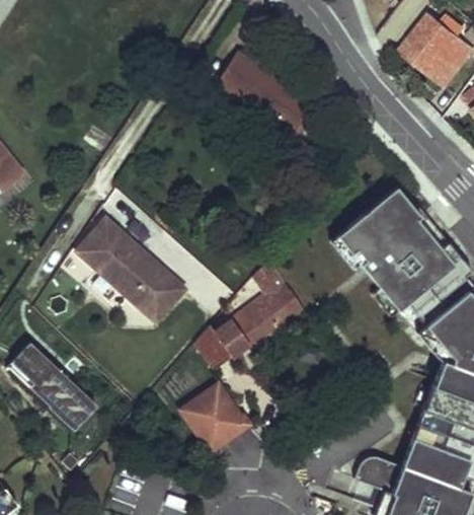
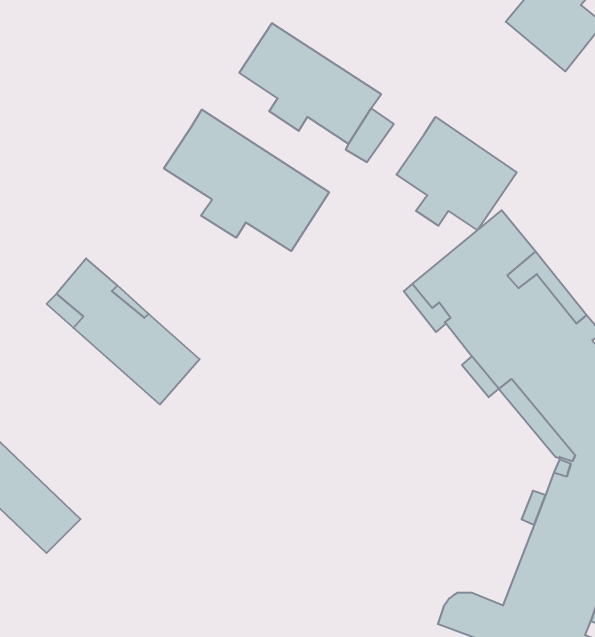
building: none -> [164,110,329,251]
building: none -> [396,117,517,230]
building: [197,260,303,368] -> none
building: [182,374,247,450] -> none

